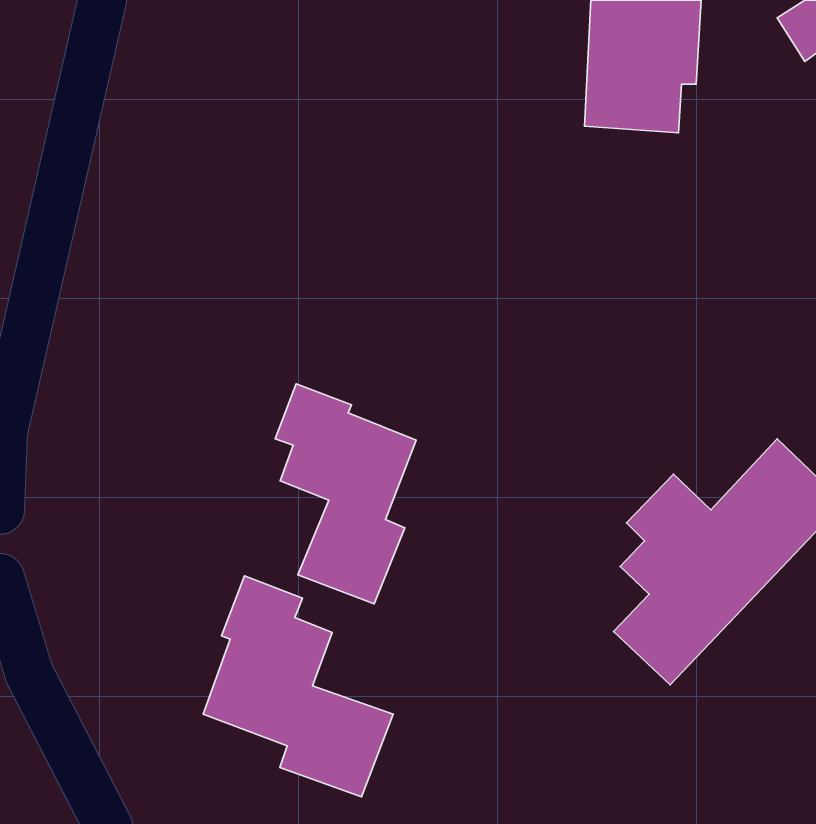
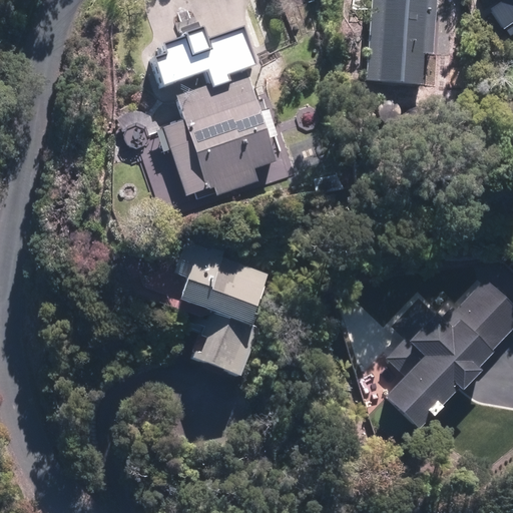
building: none -> [150,25,280,196]
building: [203,576,393,797] -> none

